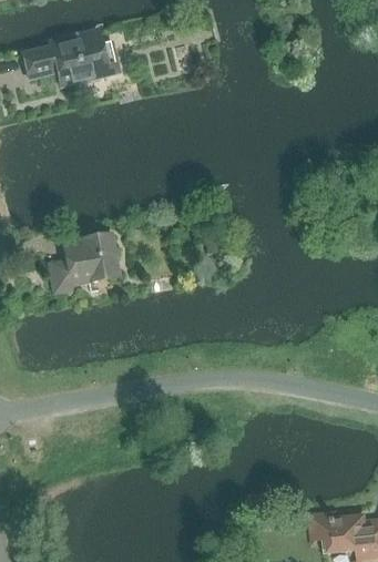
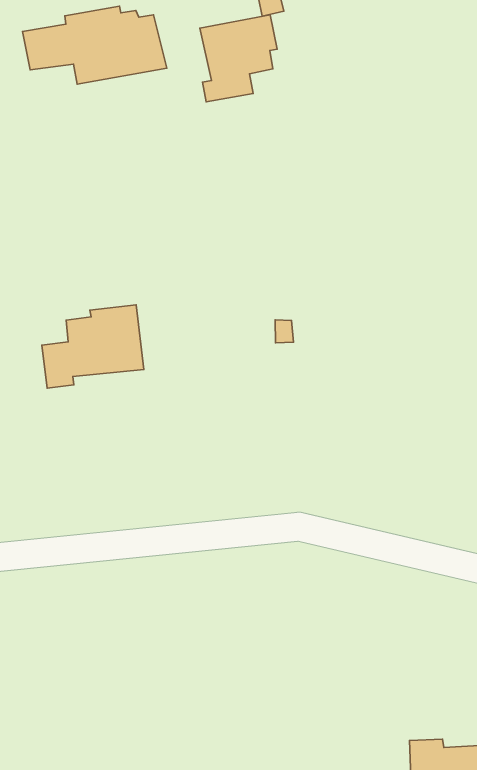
building: none -> [200,15,277,102]

